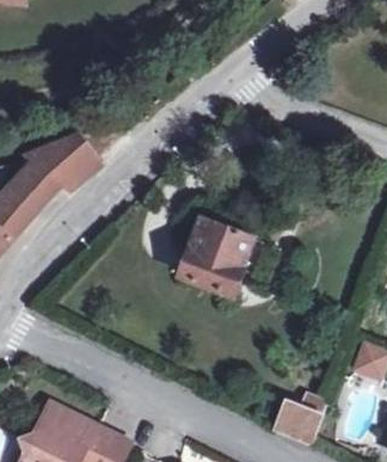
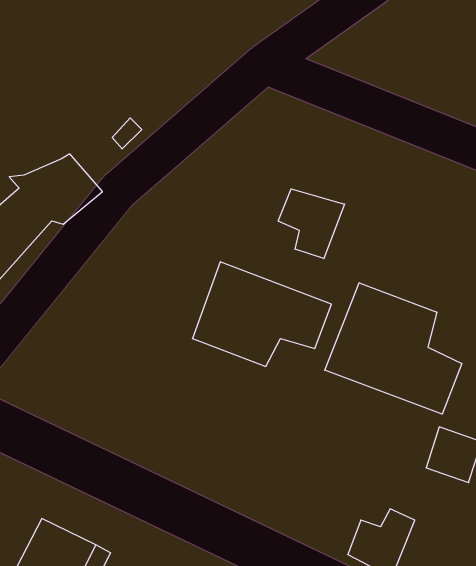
building: none -> [278,189,345,259]
building: none -> [325,283,462,414]

